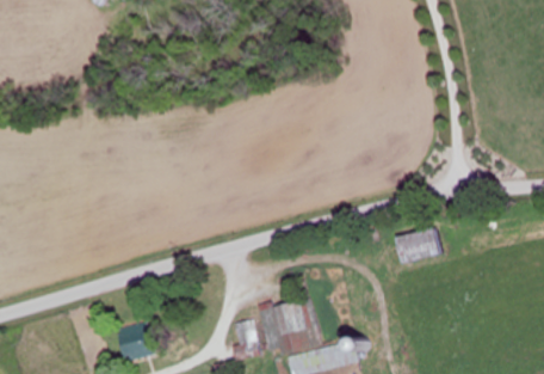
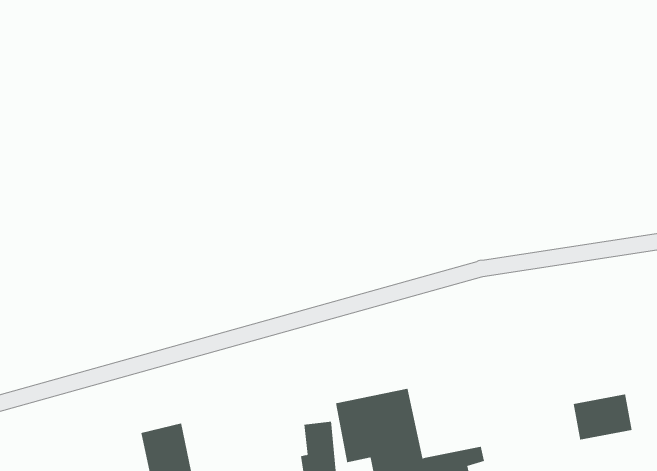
building: [397,229,440,263] -> [573,394,633,440]

